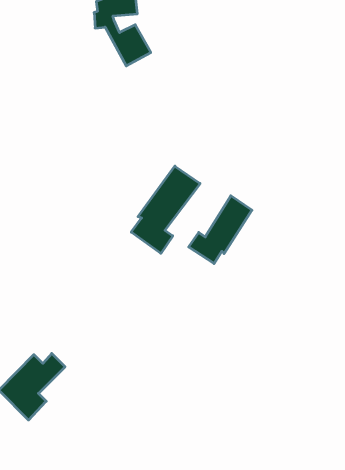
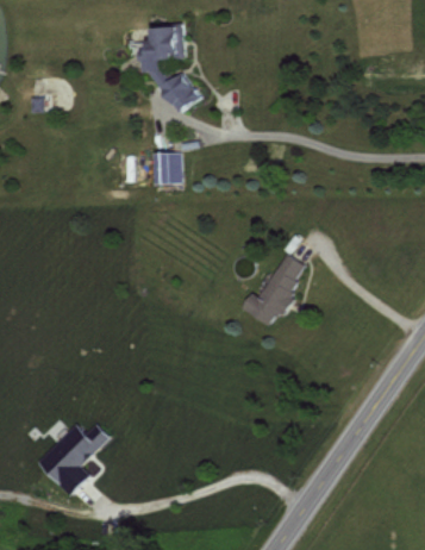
building: none -> [154,152,182,185]
building: [131,166,200,253] -> none

